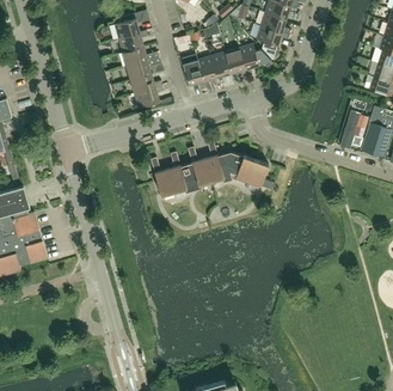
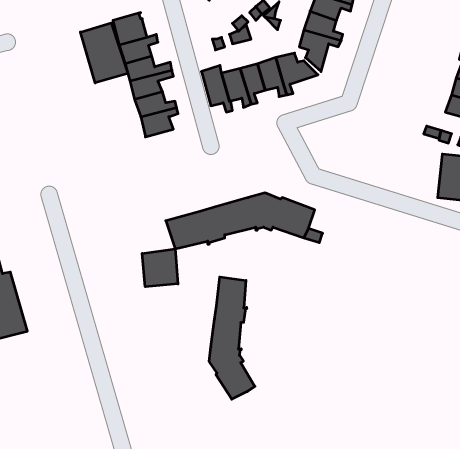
building: none -> [80,23,128,83]
building: [340,114,369,152] -> none
building: none -> [142,249,178,287]
building: none -> [209,277,255,399]

